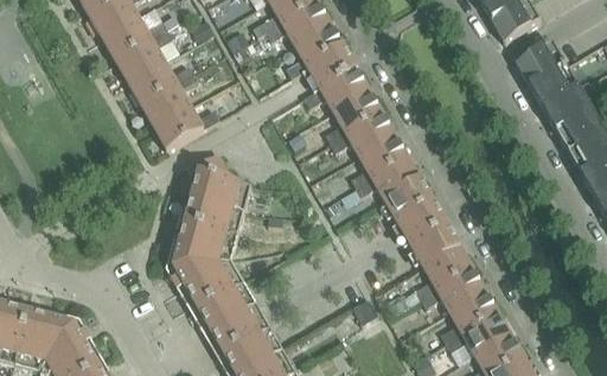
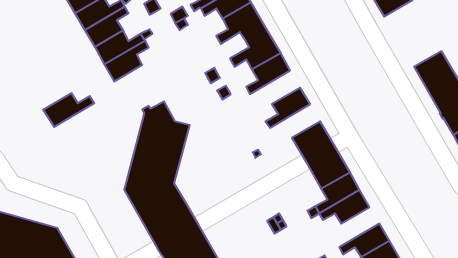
building: [516,42,579,108] -> none
building: [153,106,219,149] -> [43,93,94,127]
building: [330,113,395,157] -> none
building: [356,157,421,200] -> none
building: [440,291,498,343] -> none

